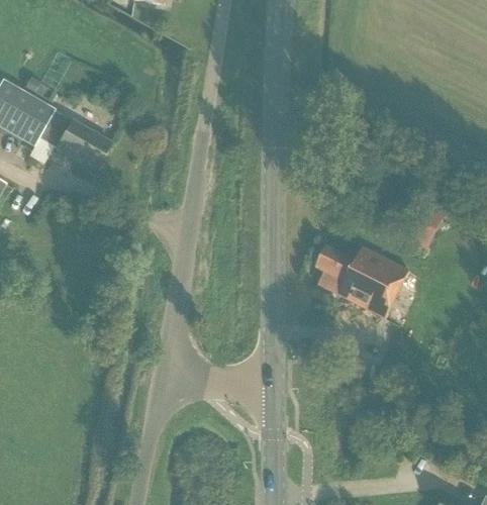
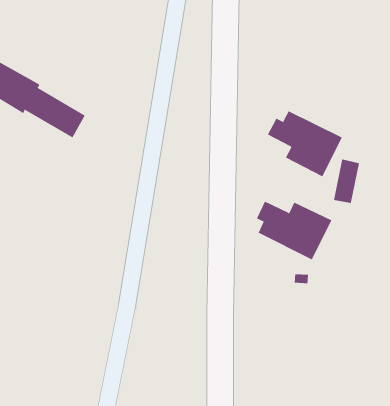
building: none -> [267,110,343,177]

